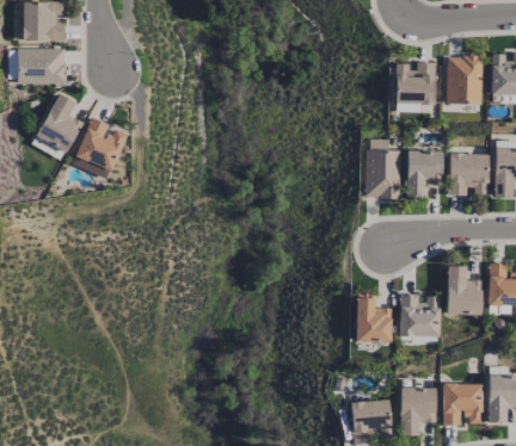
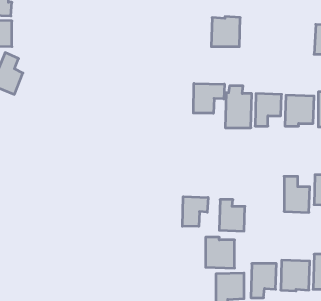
building: [446,56,483,105] -> none
building: [394,62,435,104] -> [211,17,240,47]
building: [72,117,128,180] -> none
building: none -> [193,83,224,113]
building: none -> [182,197,208,226]
building: [399,295,440,337] -> [206,237,235,268]

